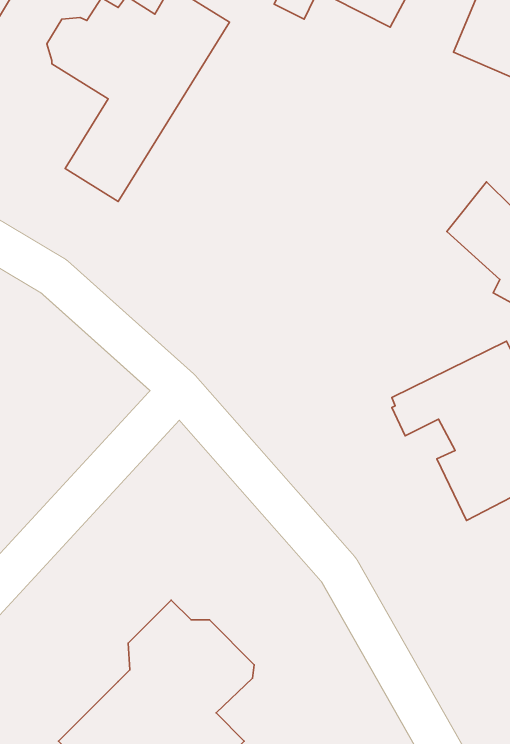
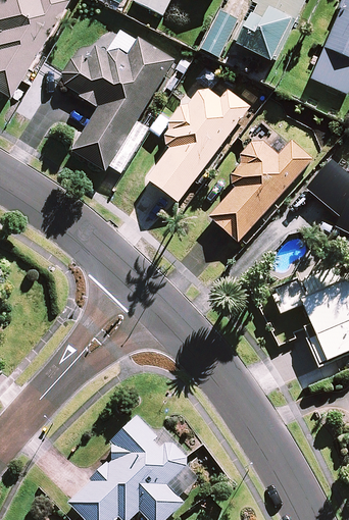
building: none -> [147,90,249,202]
building: none -> [210,140,311,242]

